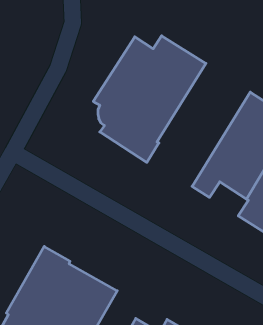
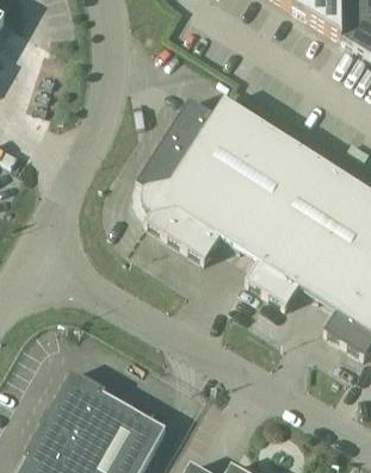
building: none -> [216,132,336,291]

